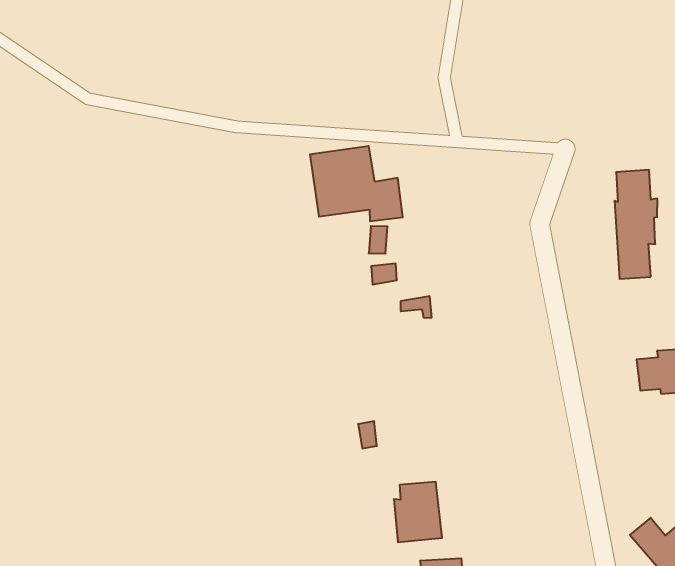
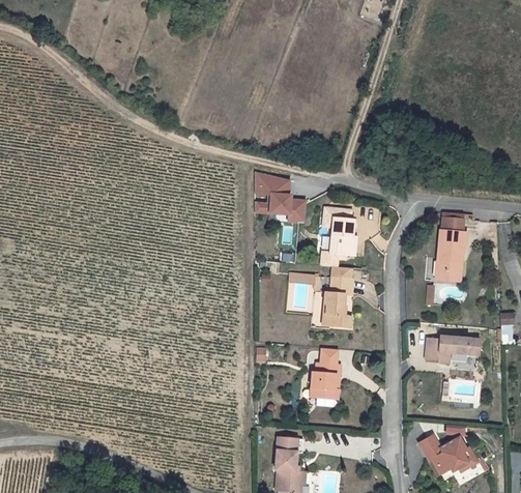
building: none -> [328,218,354,255]
building: none -> [322,276,353,326]
building: [394,482,442,542] -> [310,361,340,399]

